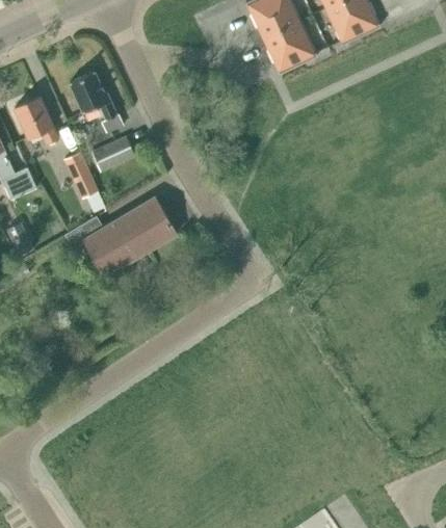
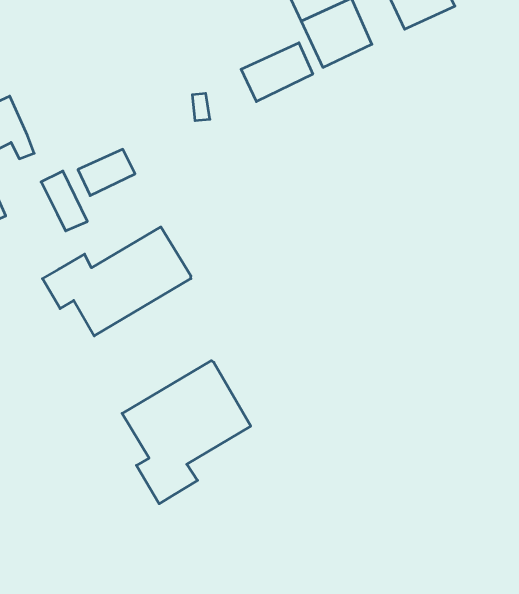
building: none -> [241,43,313,102]
building: [70,71,124,132] -> none
building: none -> [122,361,251,504]

